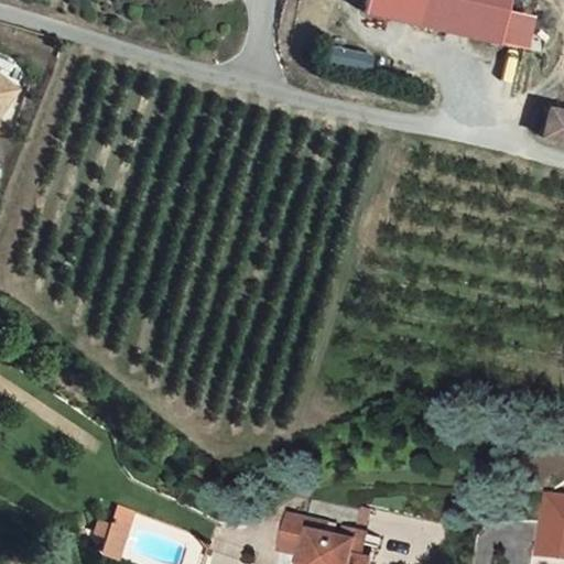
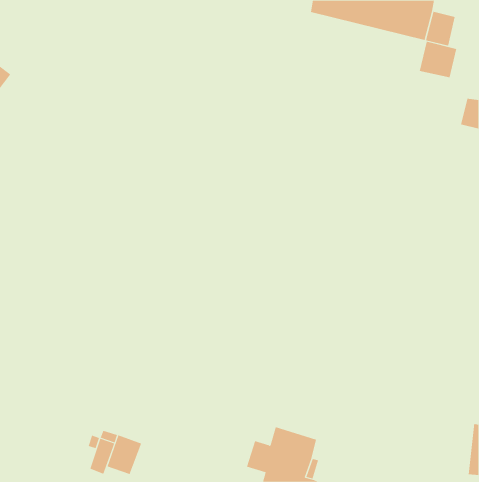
building: none -> [419,41,457,78]
building: none -> [107,434,142,475]

